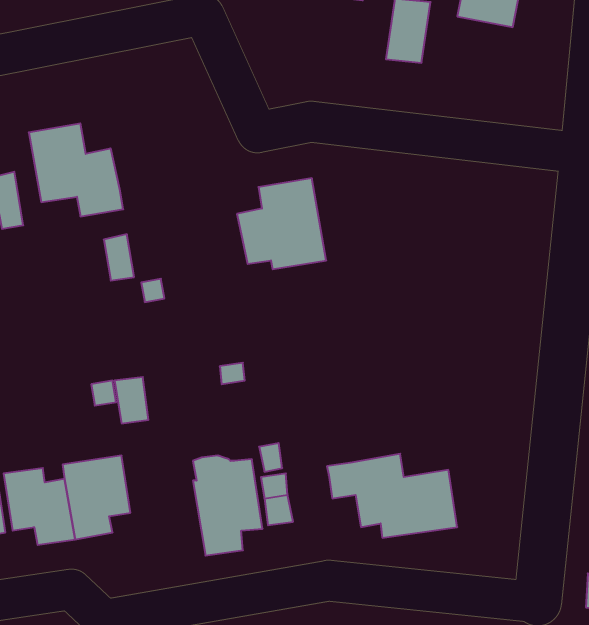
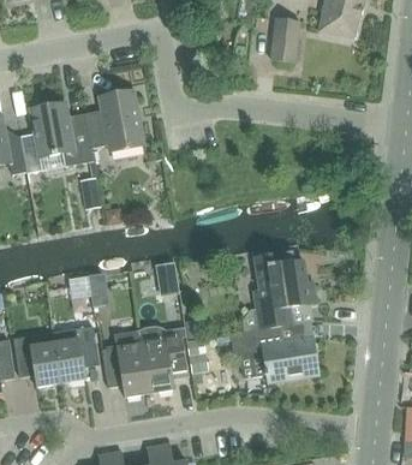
building: [237,178,326,269] -> [84,90,144,151]
building: none -> [244,260,316,332]
building: none -> [102,330,149,398]

